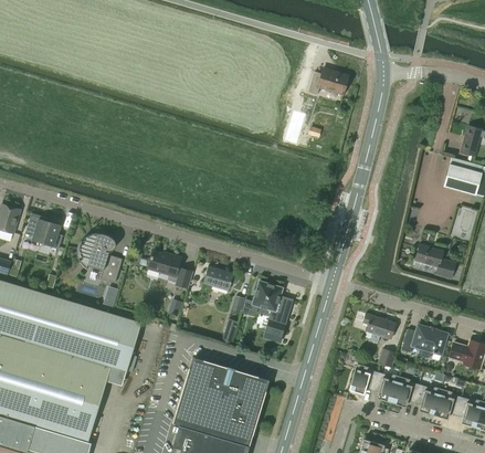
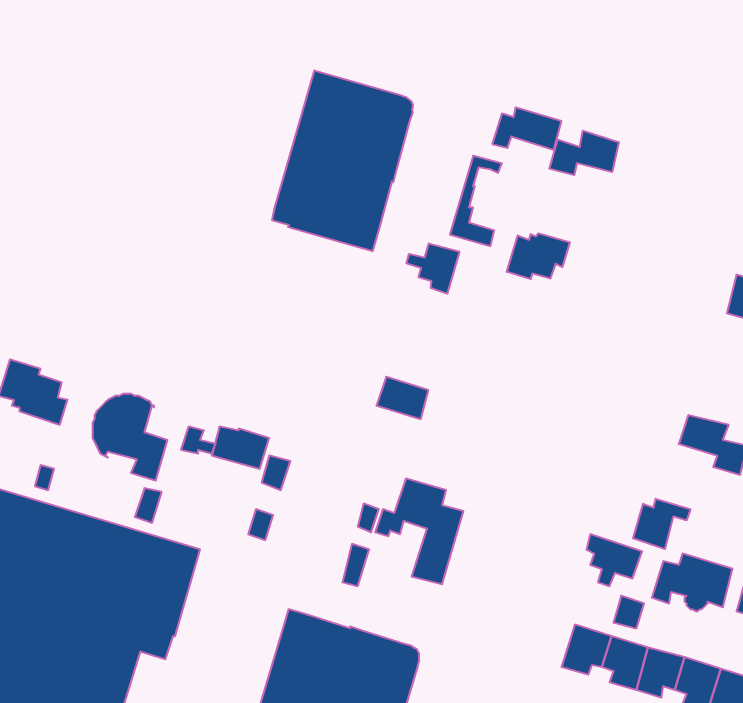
building: none -> [272,70,413,251]
building: none -> [549,131,619,175]
building: none -> [507,233,570,279]
building: none -> [406,243,459,294]
building: [202,266,232,291] -> [376,377,428,419]
building: none -> [633,499,690,549]

